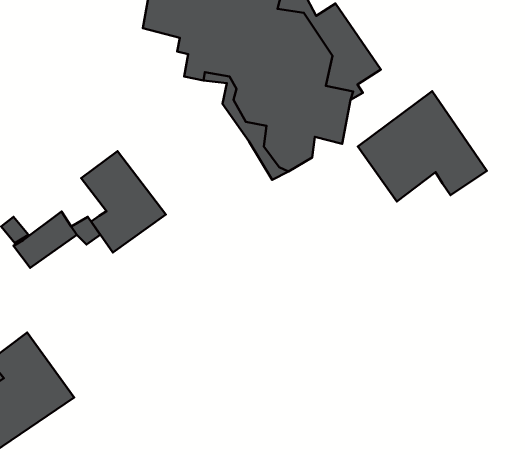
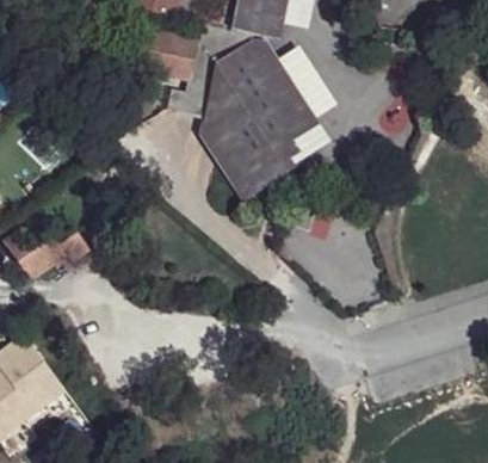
building: [358,91,487,201] -> none
building: [81,151,166,252] -> none

